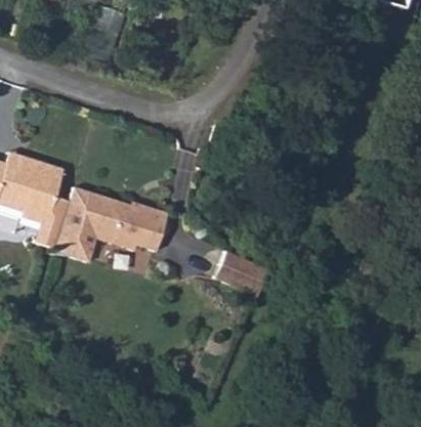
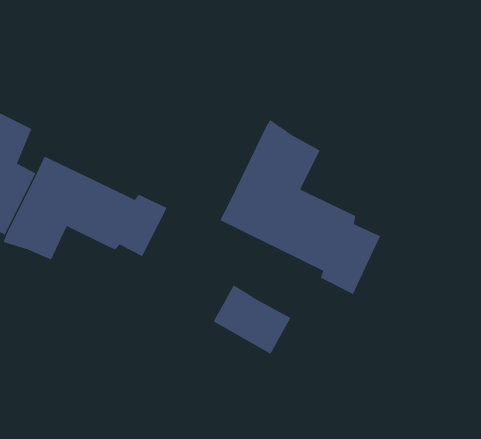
building: none -> [220,119,381,295]

